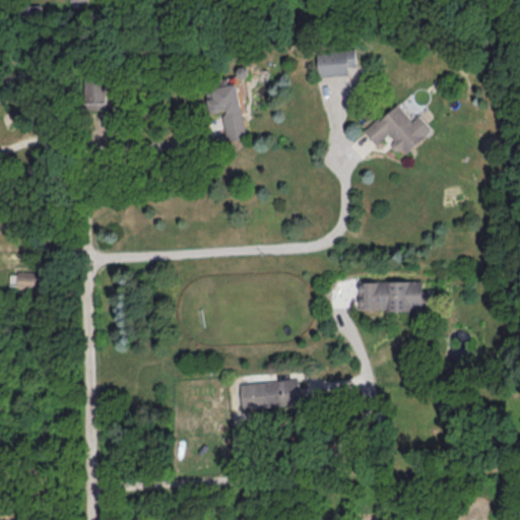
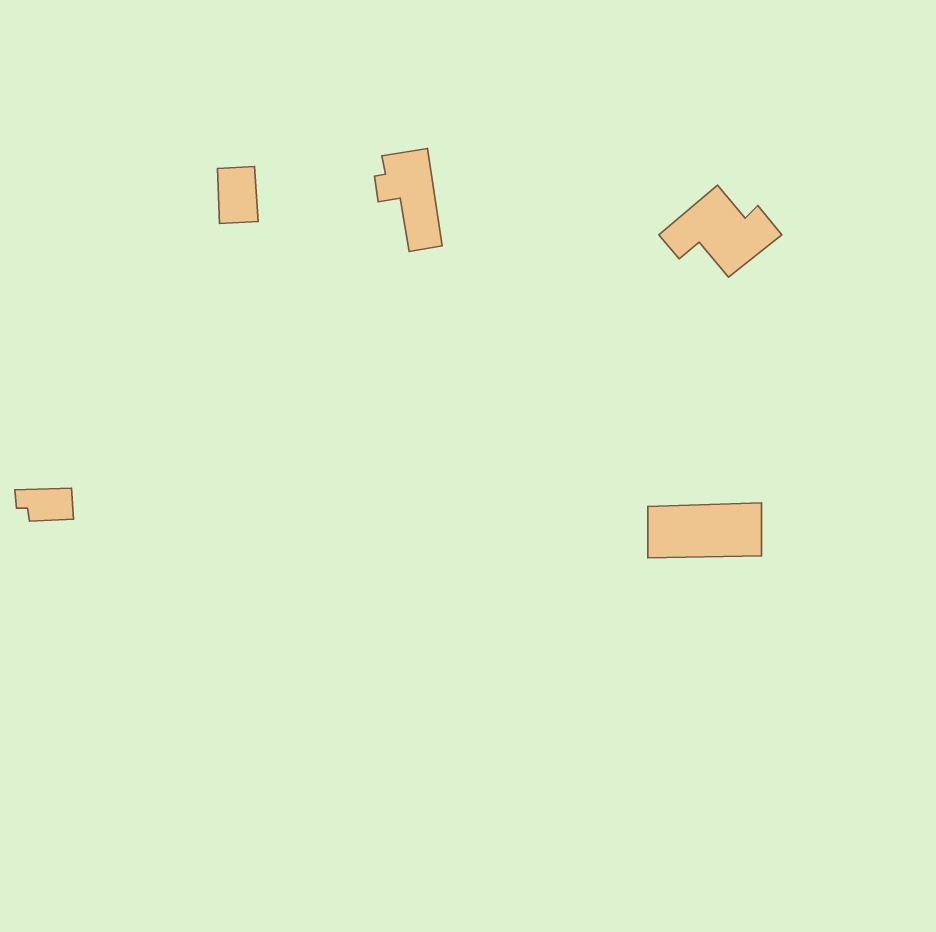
building: [318,52,356,78] -> none
building: [83,80,106,112] -> [218,167,258,223]
building: [240,381,300,409] -> none

